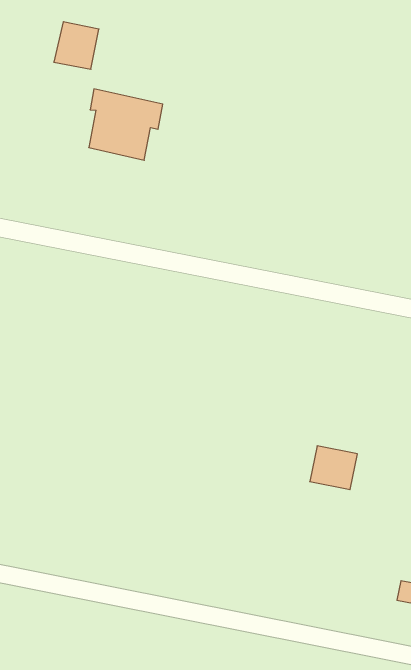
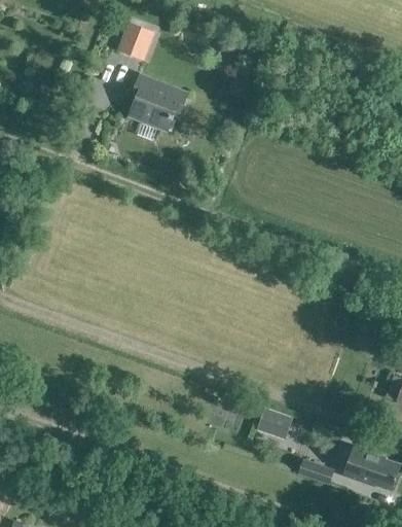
building: [310,446,357,490] -> [254,405,291,440]

